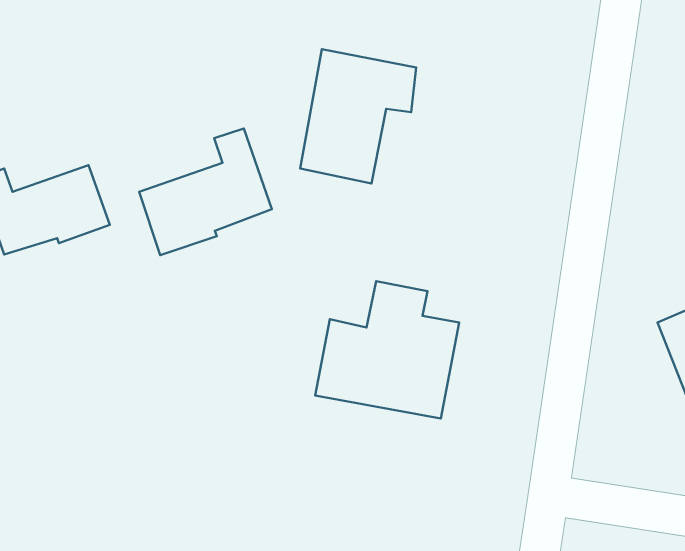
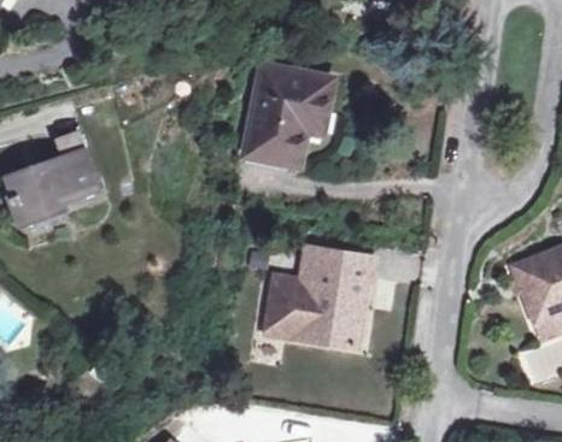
building: [139,129,272,255] -> none

